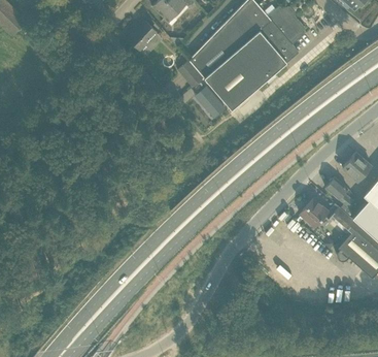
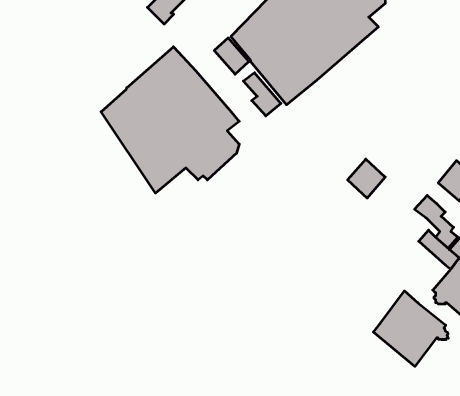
building: none -> [101,47,239,193]
building: [301,198,329,227] -> [348,159,385,198]
building: none -> [373,291,448,366]

